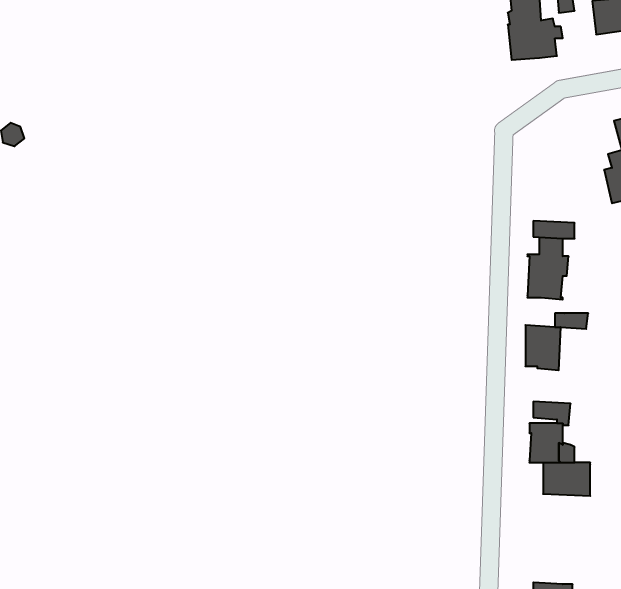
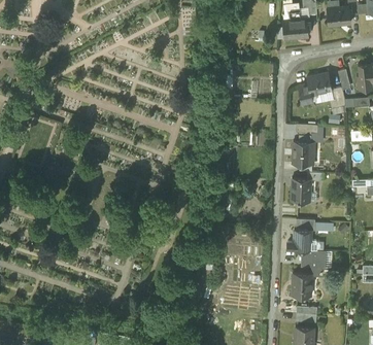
building: none -> [297,74,330,105]
building: none -> [291,274,310,297]

